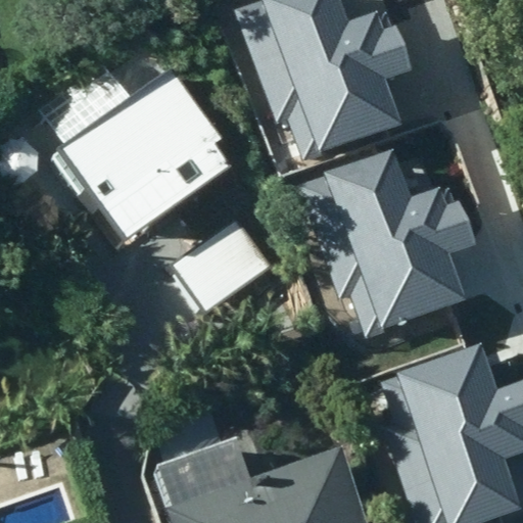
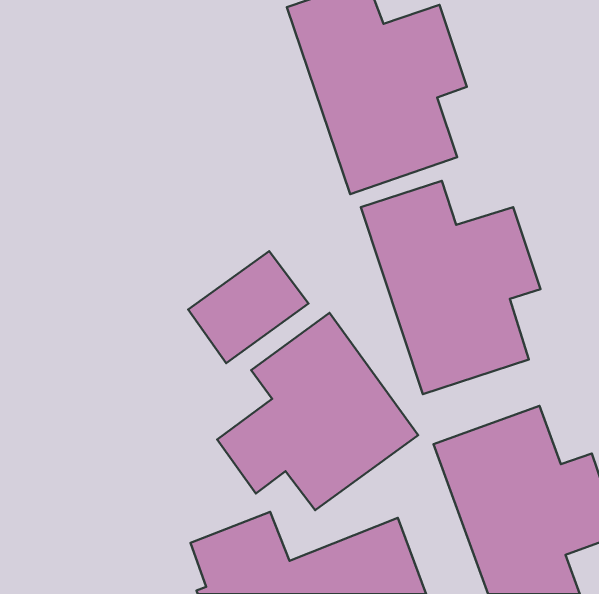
building: [33,61,225,250] -> none
building: none -> [217,313,418,510]

